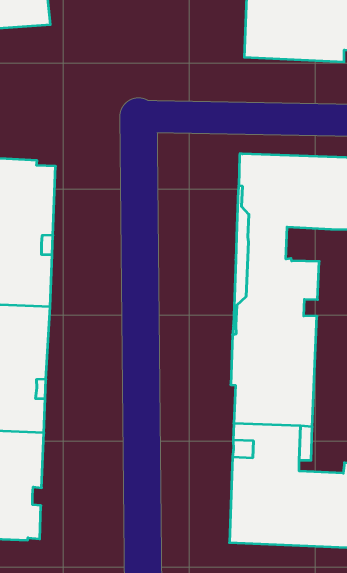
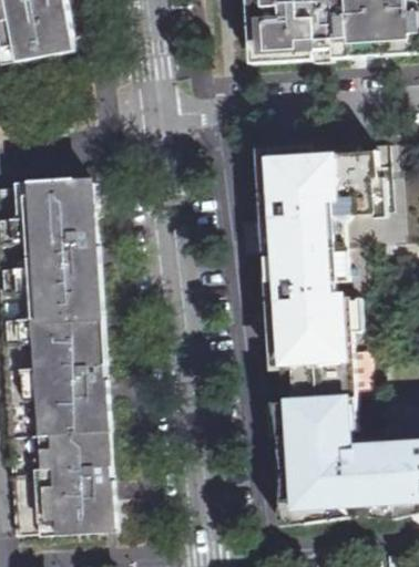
building: none -> [313,214,354,247]

